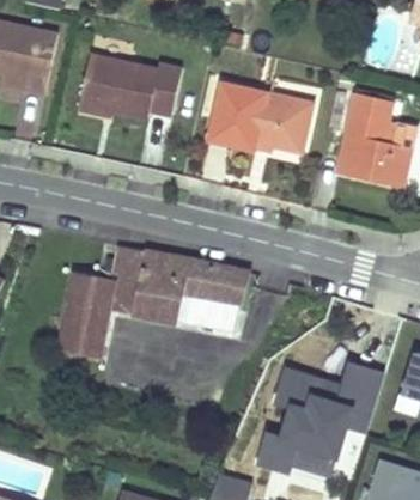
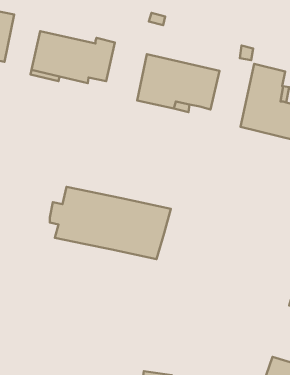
building: [59,278,112,359] -> none
building: [254,358,384,474] -> none

